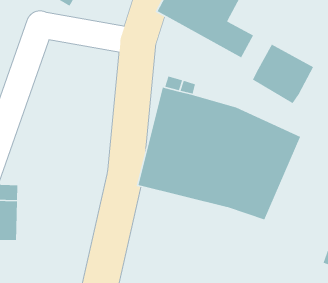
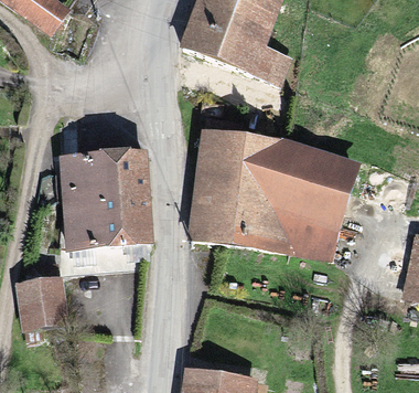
building: [252,44,314,104] -> none
building: none -> [57,152,149,245]

